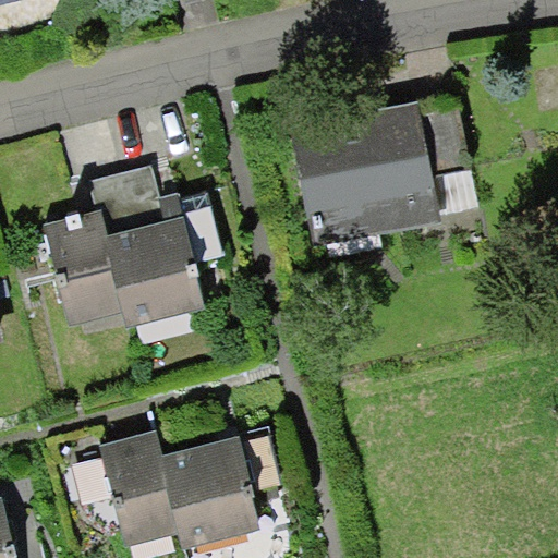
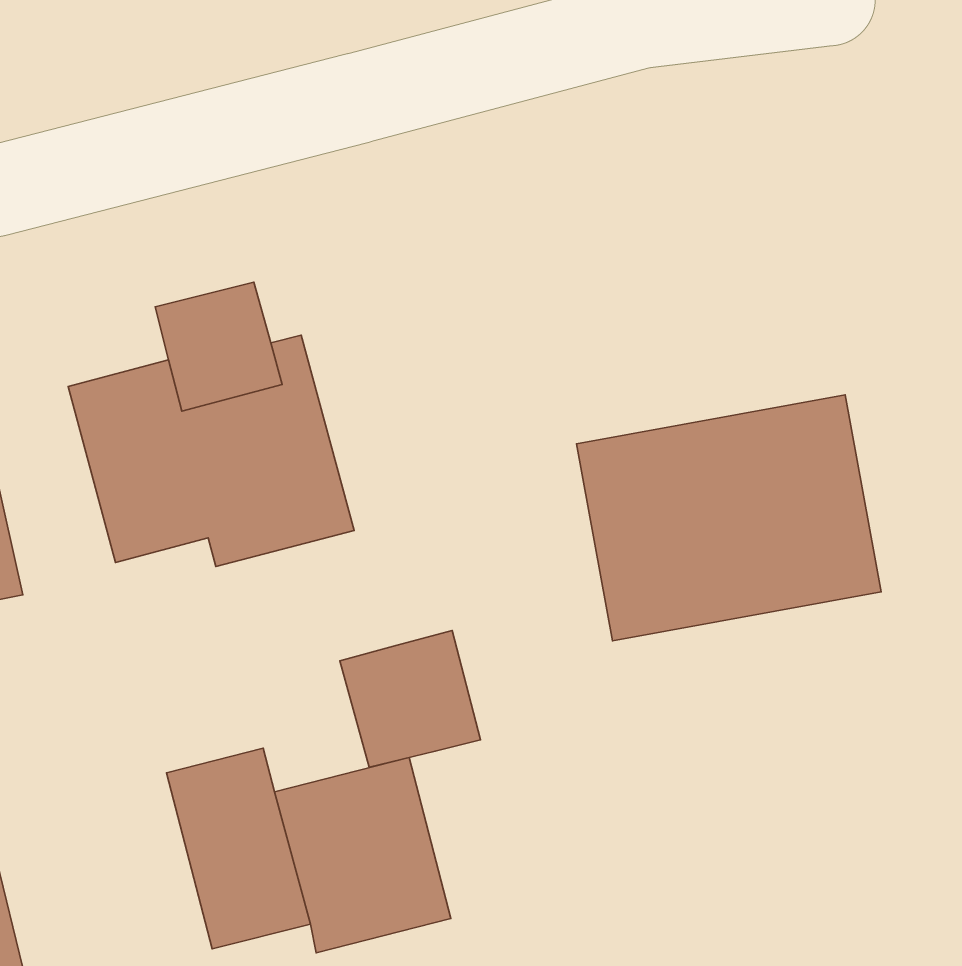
building: [304,102,480,244] -> [576,395,881,641]
building: none -> [340,631,481,767]

